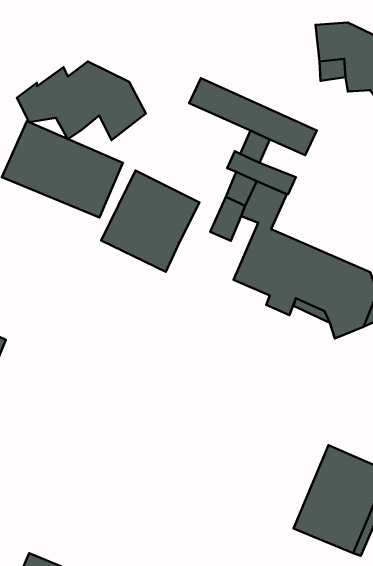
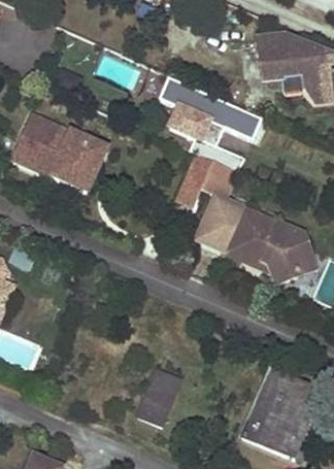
building: [17,61,146,140] -> none
building: [101,171,199,272] -> none
building: none -> [136,369,180,425]

